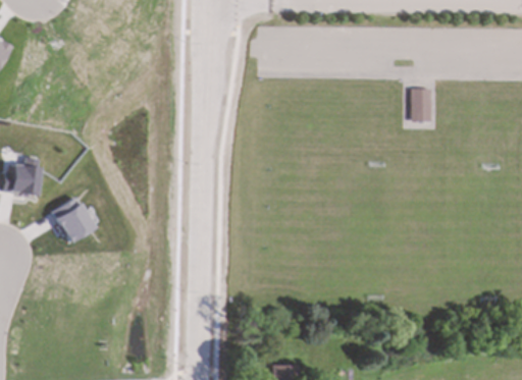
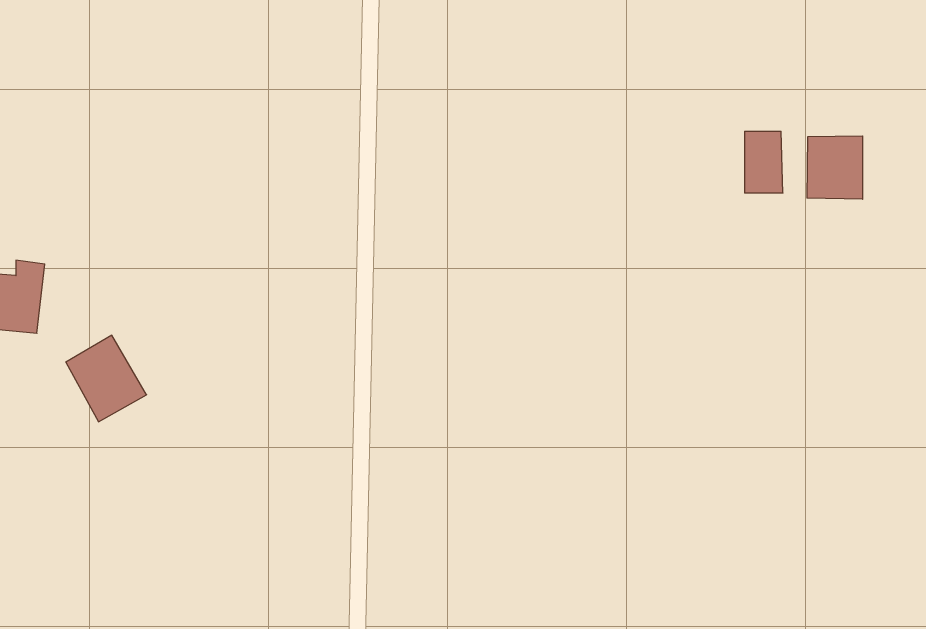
building: none -> [807,136,863,199]

